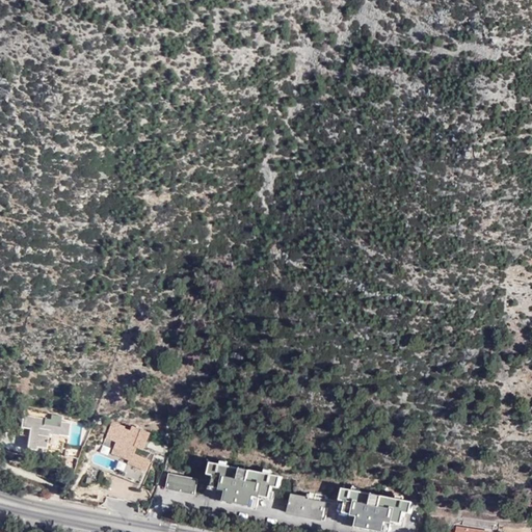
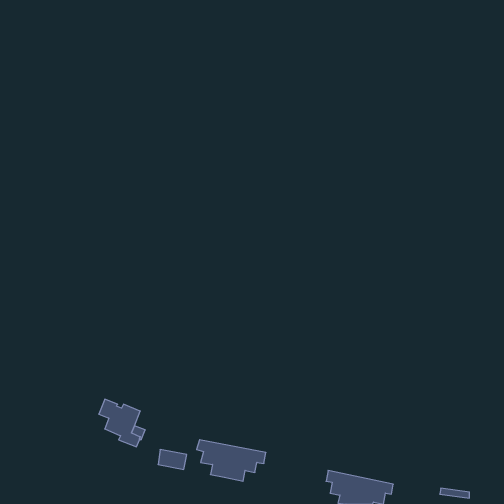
building: [19,413,68,450] -> none
building: [286,496,322,517] -> none

